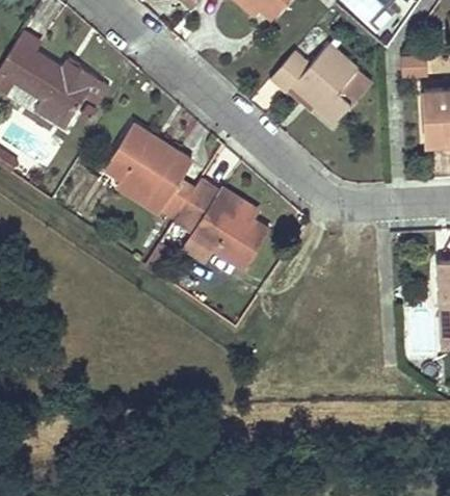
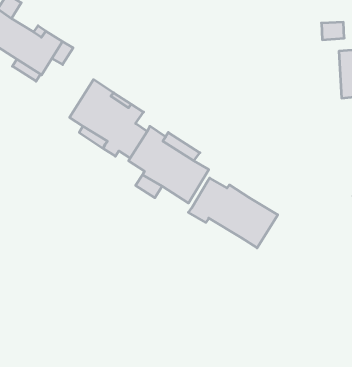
building: [270,43,358,124] -> none
building: none -> [188,178,278,248]

